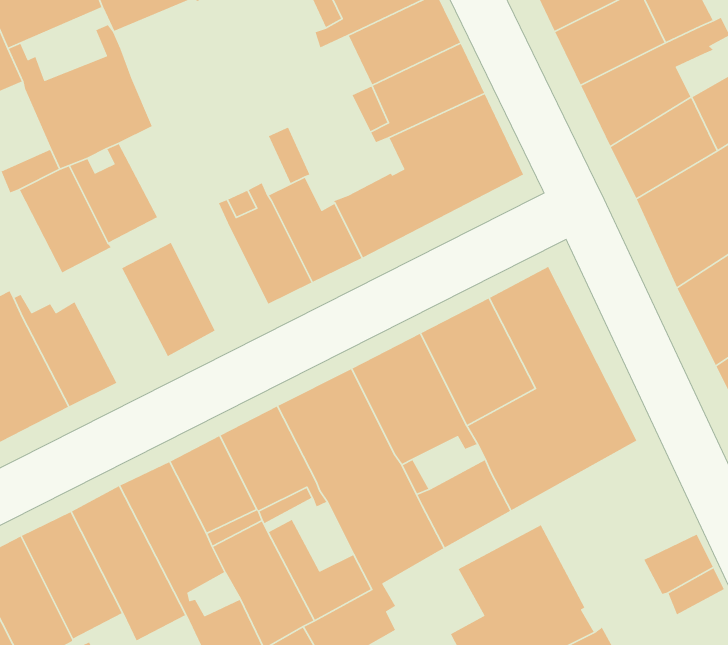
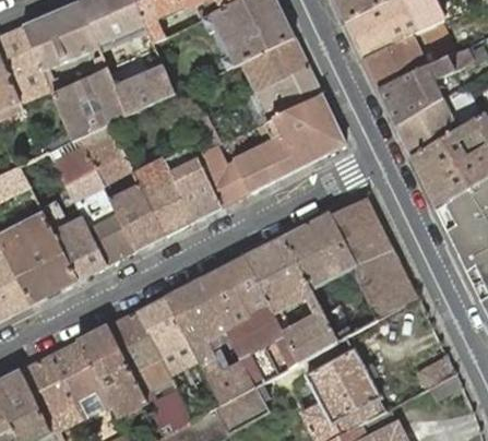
building: none -> [116,65,176,115]
building: none -> [133,158,195,235]
building: none -> [82,202,136,265]

